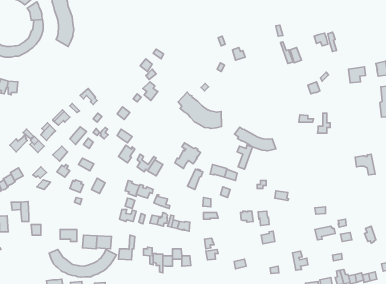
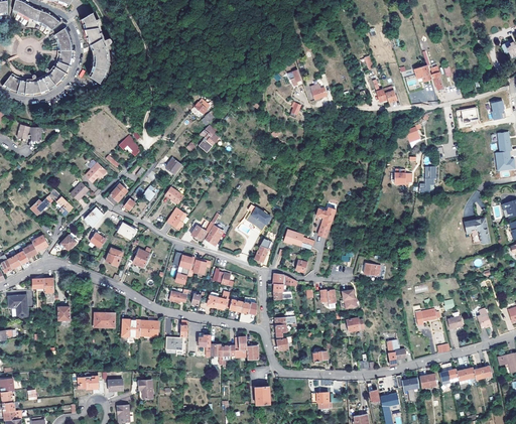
building: [178,92,221,128] -> none
building: [234,127,276,151] -> none
building: [49,249,117,277] -> none

